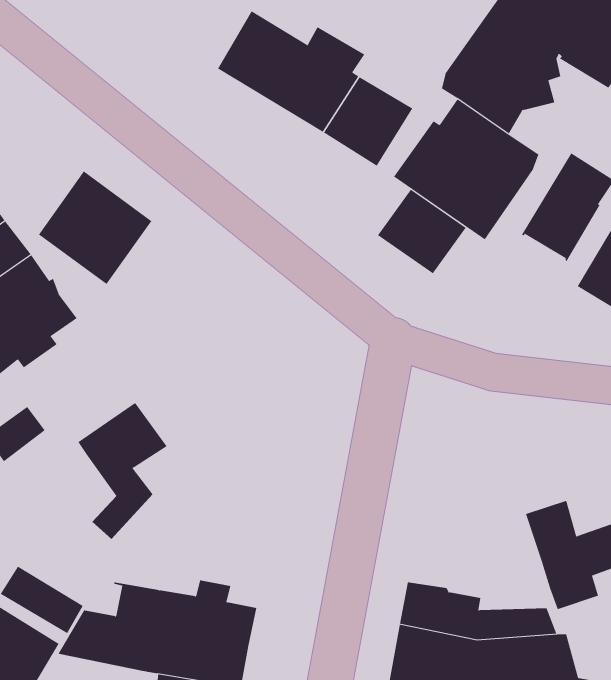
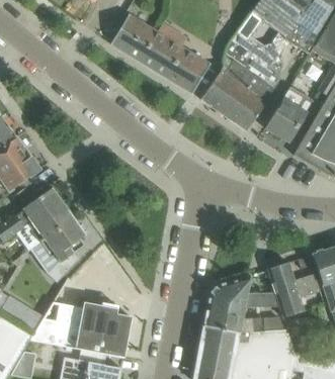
building: [38,171,152,285] -> none
building: [377,189,467,274] -> none
building: none -> [21,188,70,243]
building: none -> [207,276,279,312]

